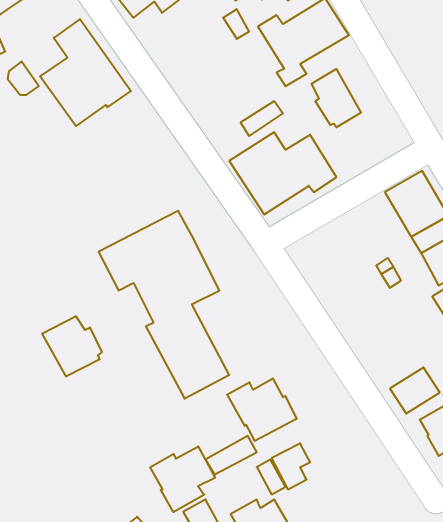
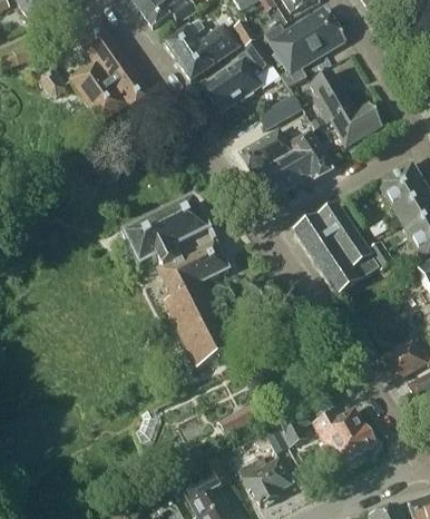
building: none -> [164,19,238,79]
building: none -> [202,41,272,114]
building: none -> [333,102,381,146]
building: none -> [294,204,378,294]
building: [42,316,102,377] -> none
building: [227,379,297,441] -> [312,409,374,464]
building: [150,446,215,512] -> none

